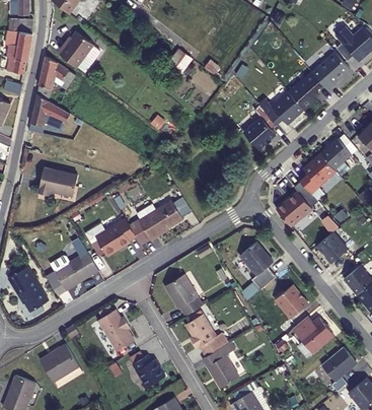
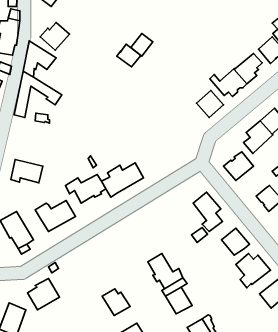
building: none -> [117,44,141,67]
building: [39,165,77,194] -> [11,159,43,183]
building: [165,275,202,316] -> none
building: [96,311,133,352] -> none

